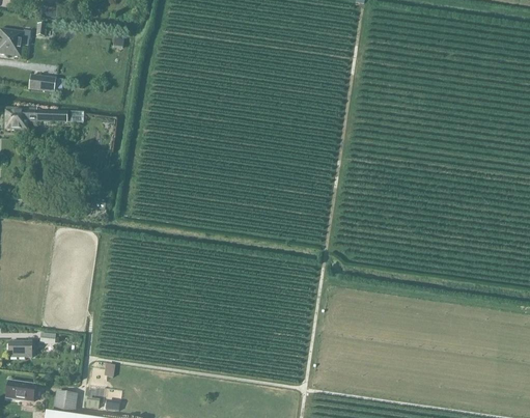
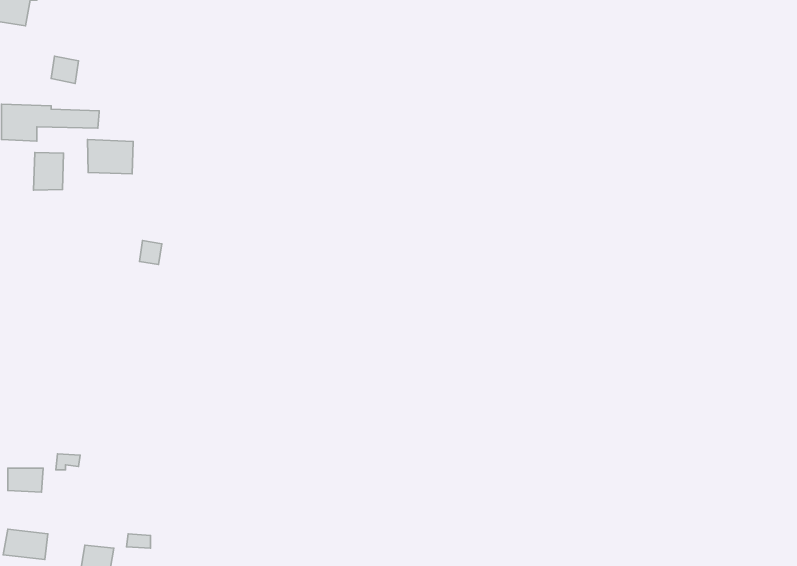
building: none -> [87,140,133,174]
building: none -> [33,152,64,190]

